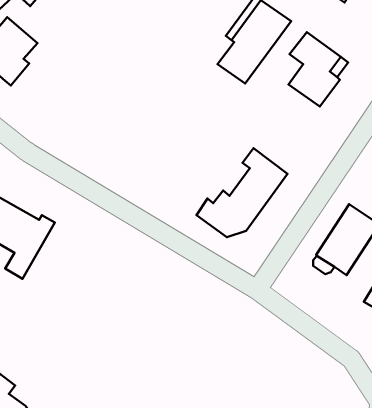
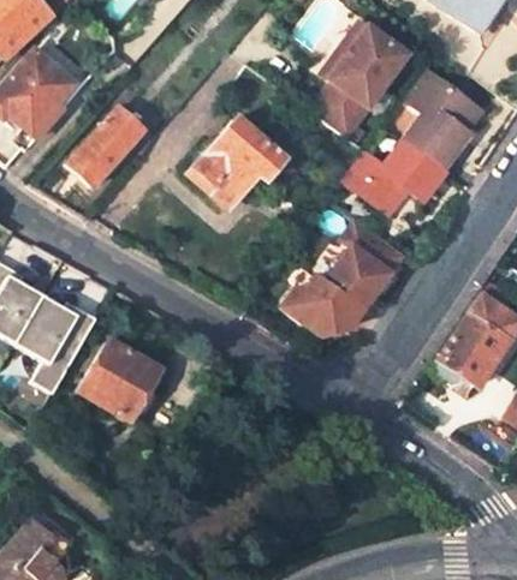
building: none -> [67,108,145,187]
building: none -> [190,116,284,209]
building: none -> [344,138,447,213]
building: none -> [78,336,160,419]

